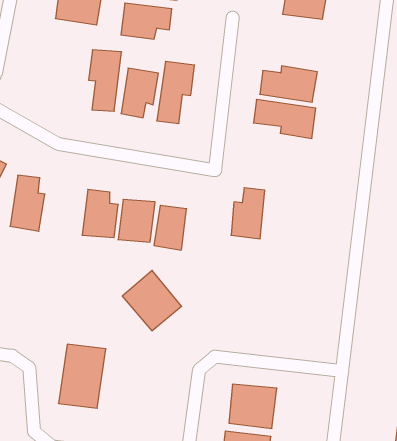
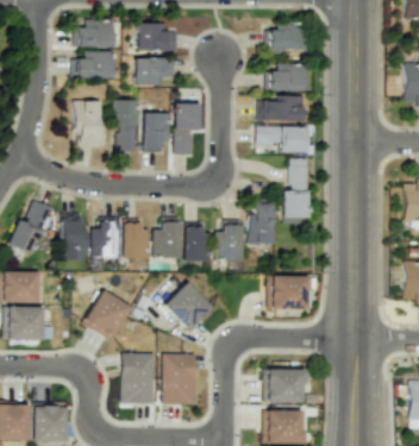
building: none -> [267,64,306,92]
building: none -> [74,101,102,147]
building: none -> [283,159,309,225]
building: none -> [93,221,119,258]
building: none -> [215,220,244,260]
building: none -> [83,291,129,340]
building: none -> [268,276,308,310]
building: none -> [162,354,196,404]

